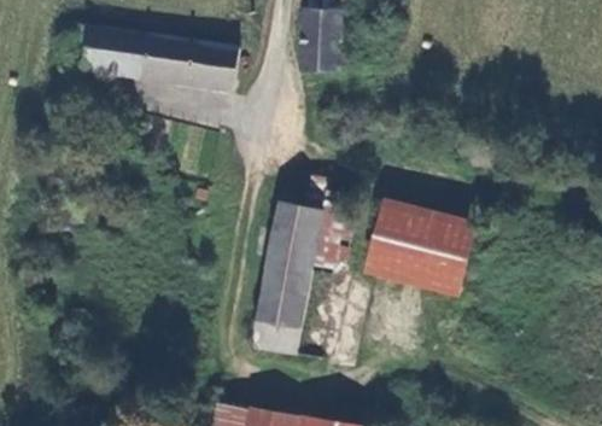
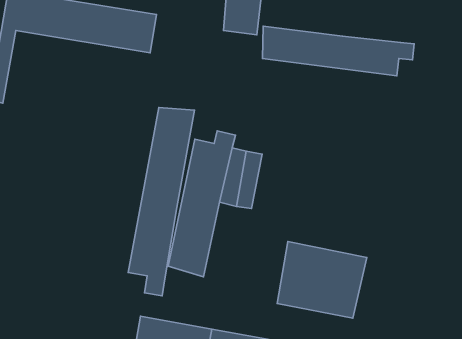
building: none -> [262,26,414,76]
building: none -> [128,107,194,296]
building: [376,203,478,290] -> [277,242,367,318]

